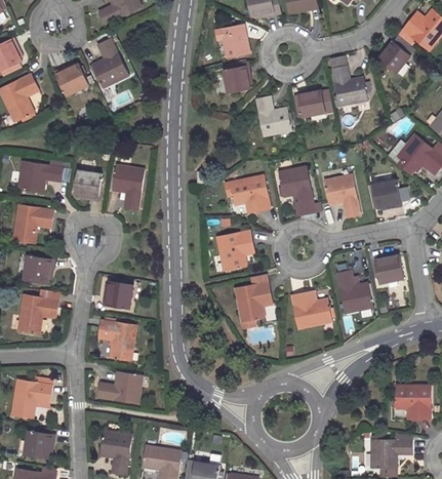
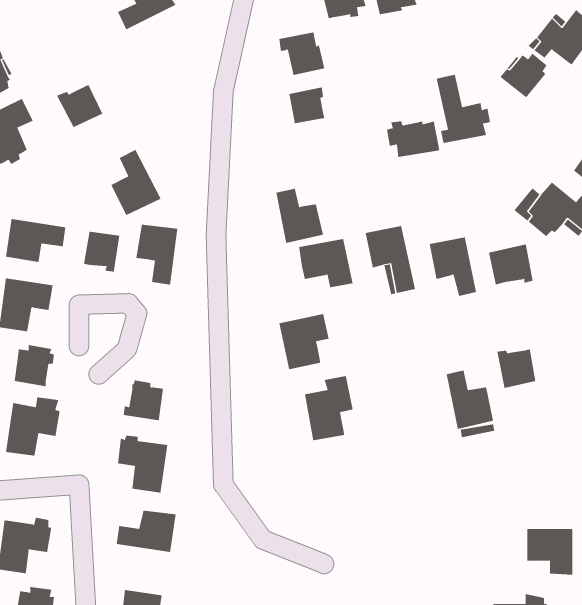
building: [91,39,128,87] -> [110,149,161,216]
building: [255,96,290,136] -> [276,188,324,243]
building: [290,292,330,329] -> none

